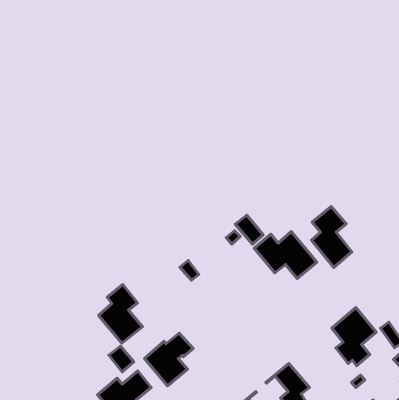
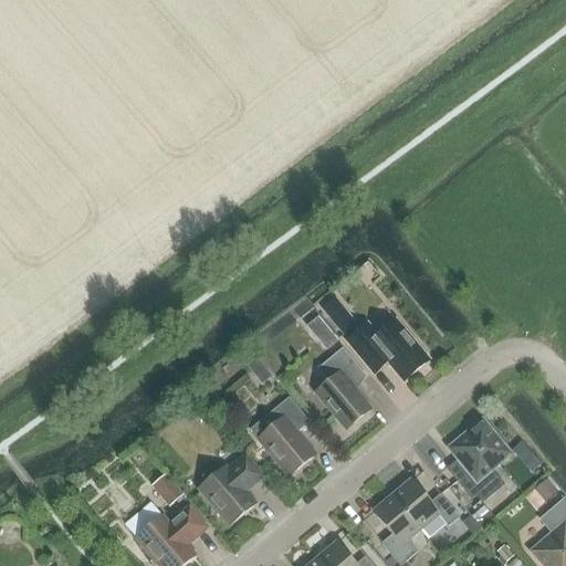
building: [311,206,352,267] -> [315,346,369,428]
building: [99,285,143,343] -> [256,396,315,474]
building: none -> [391,469,459,537]

